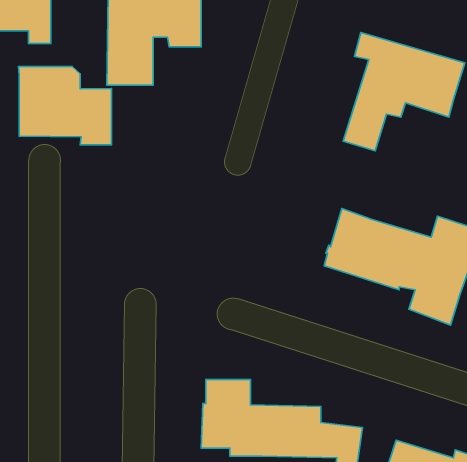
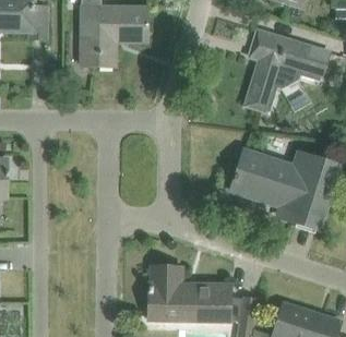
building: [18,66,111,145] -> none

